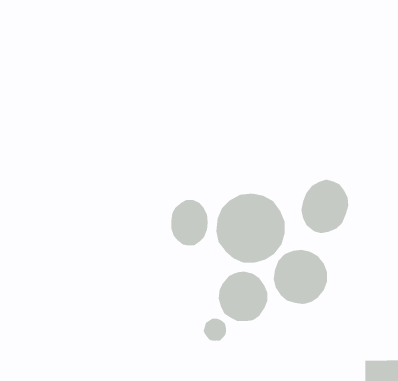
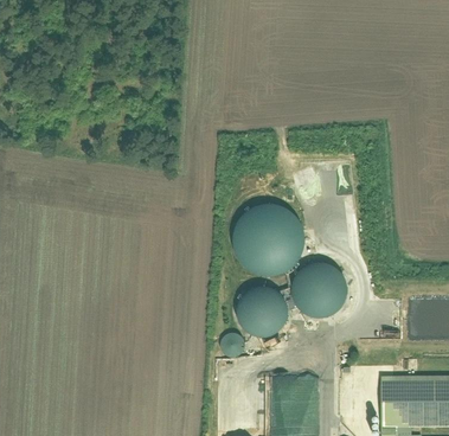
building: [301,179,349,234] -> none
building: [171,199,208,246] -> none

